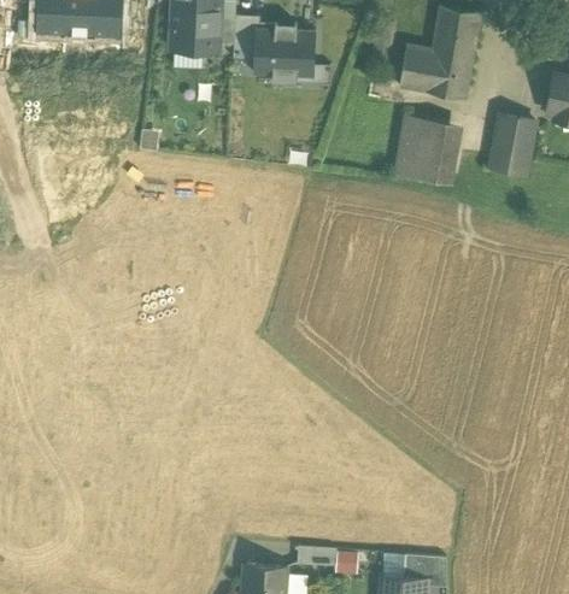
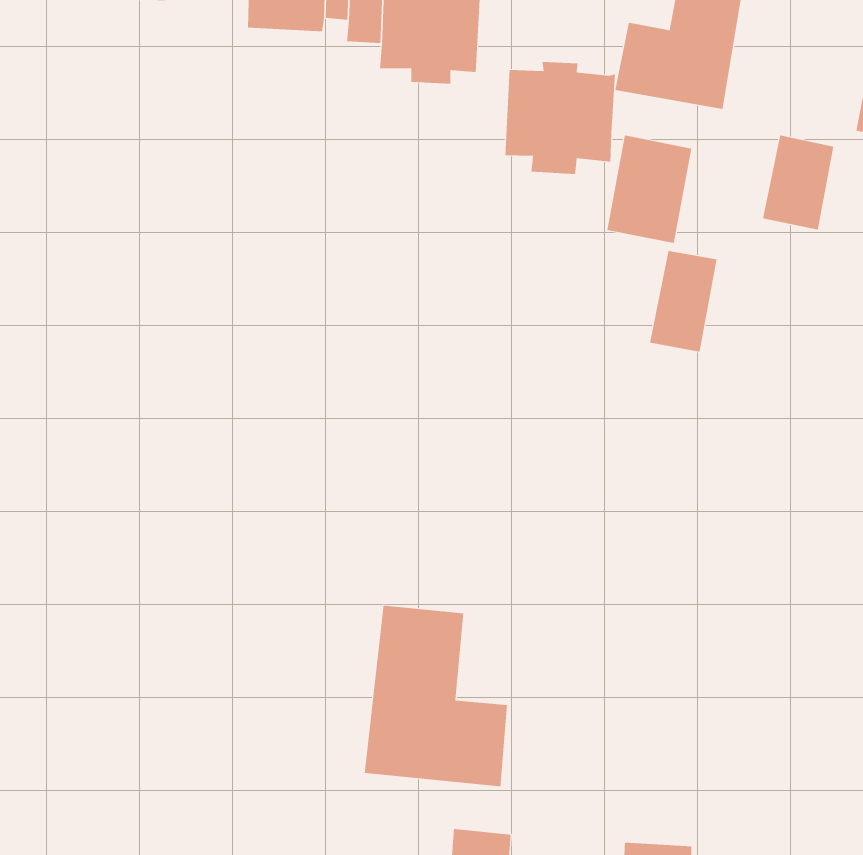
building: none -> [505,61,615,175]
building: none -> [649,250,717,353]
building: none -> [364,605,507,787]

